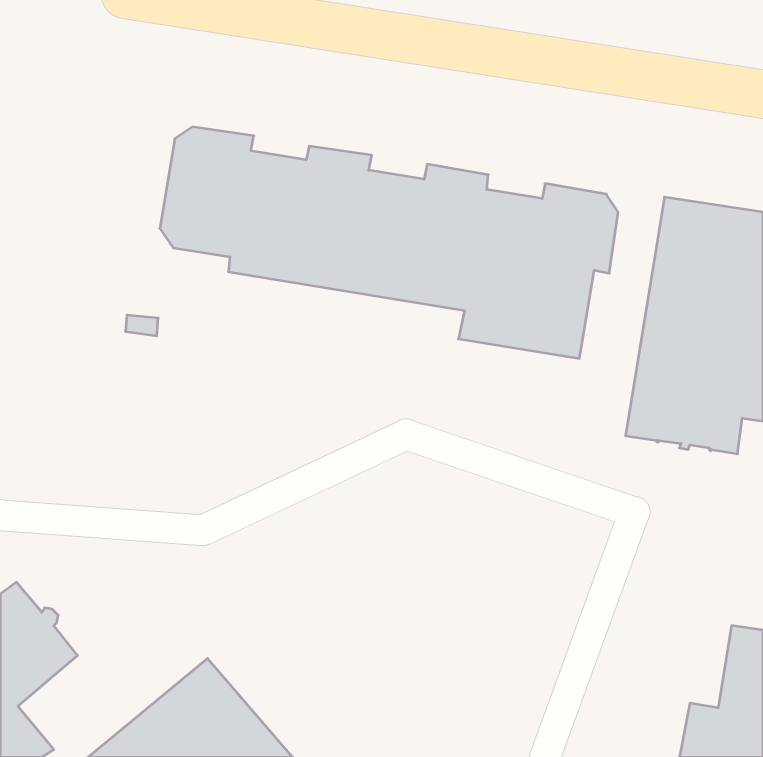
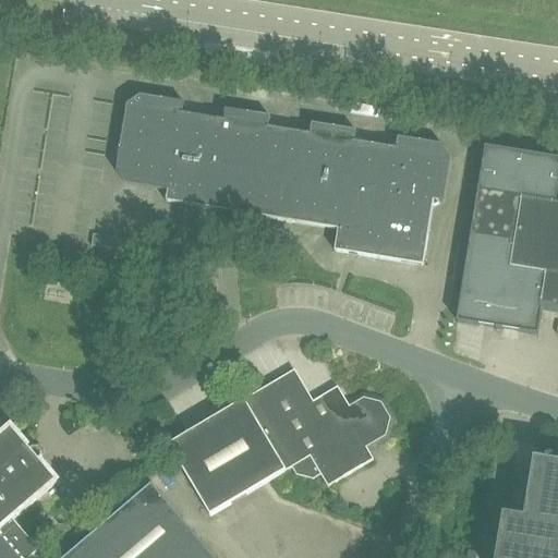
building: none -> [168,366,391,512]

